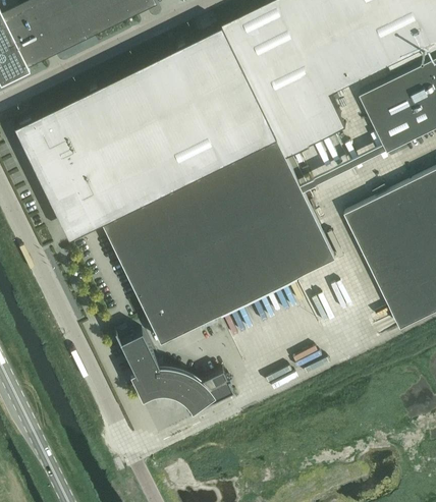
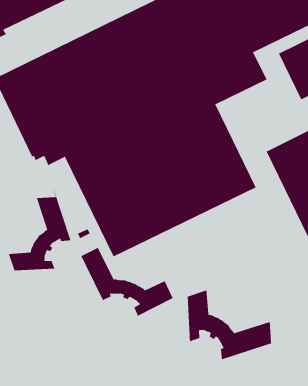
building: none -> [8,188,71,271]
building: none -> [187,289,281,360]

